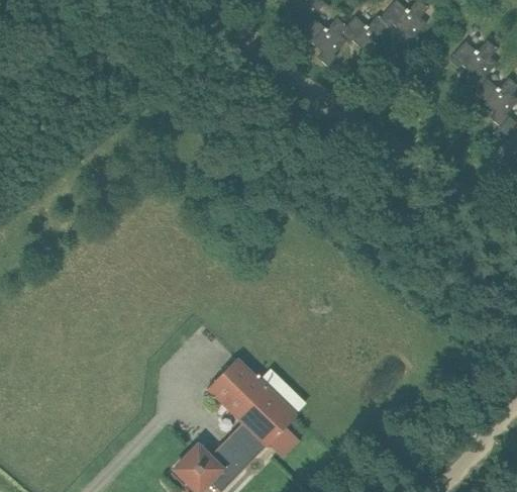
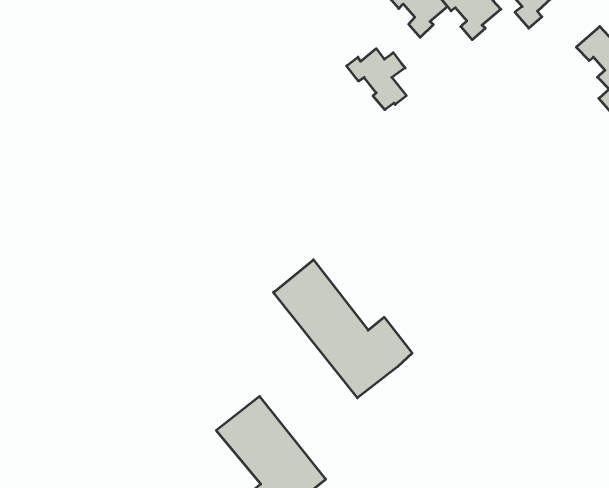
building: none -> [347,49,406,110]
building: none -> [273,260,412,398]

